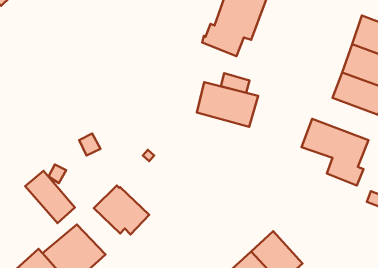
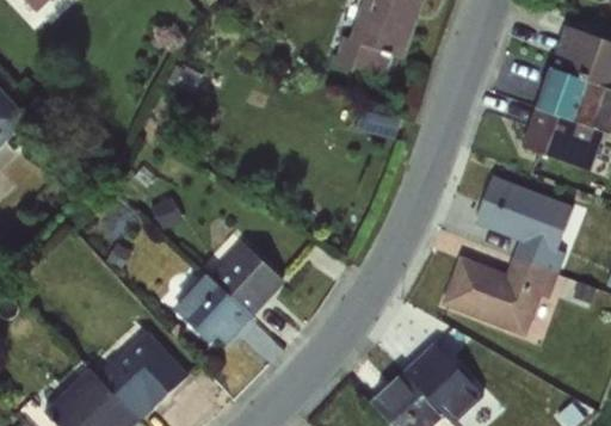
building: [197,82,258,127] -> none
building: none -> [210,241,284,316]
building: [25,171,75,223] -> none
building: none -> [440,255,557,337]

